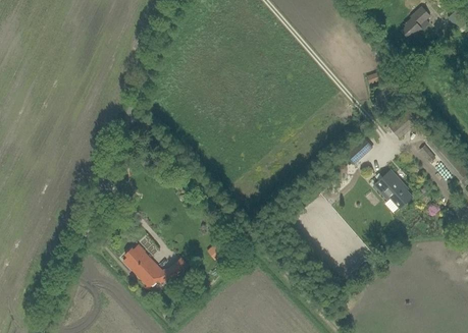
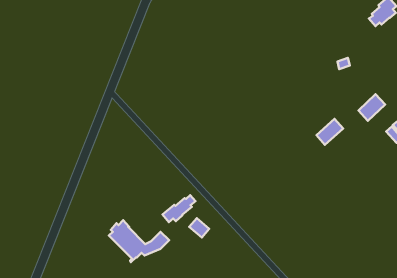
building: [373,169,413,208] -> none
building: none -> [163,195,195,222]

